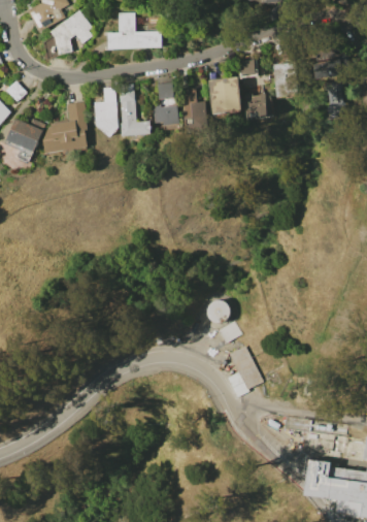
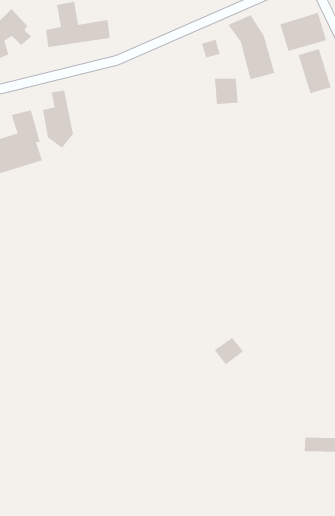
building: [207,76,242,115] -> none
building: [119,83,151,136] -> none
building: [153,83,178,131] -> none
building: [181,88,207,128] -> none
building: [205,299,228,322] -> none
building: [227,346,263,398] -> none

